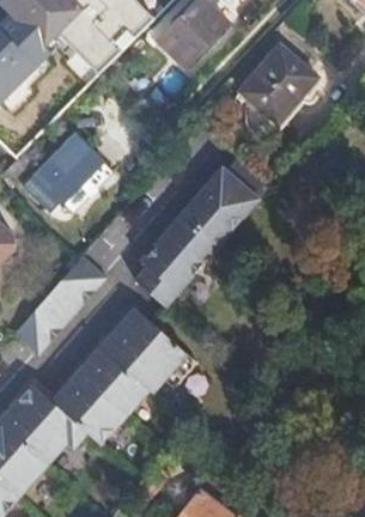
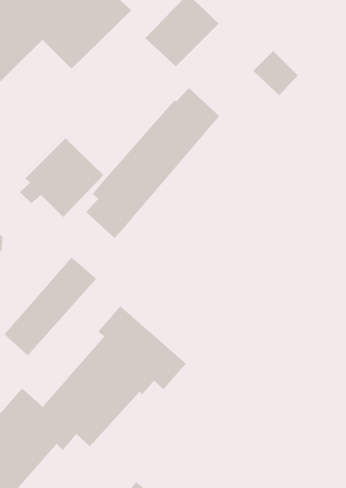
building: [237,71,314,127] -> none
building: [134,154,267,304] -> [85,87,220,239]

